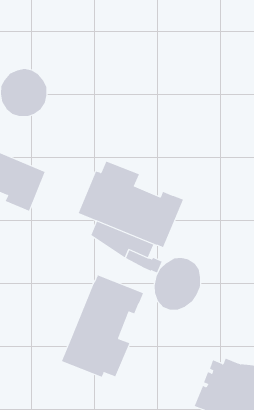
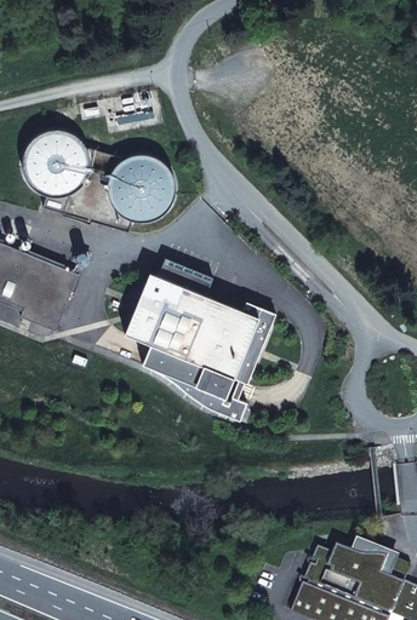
building: none -> [99,154,165,219]
building: [154,257,201,310] -> none
building: [61,274,144,378] -> none

